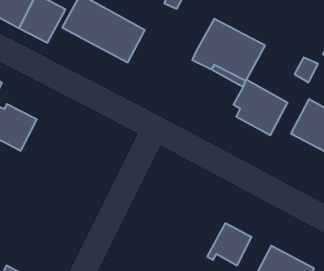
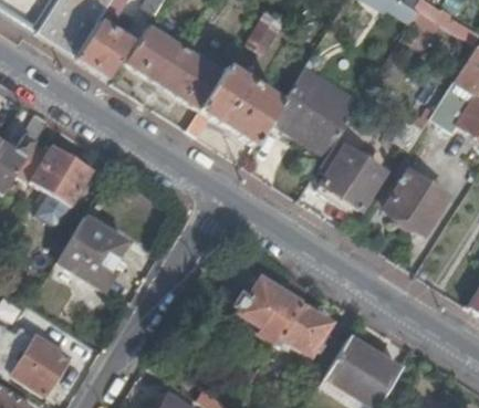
building: none -> [188,65,282,144]
building: none -> [56,216,128,292]
building: none -> [237,280,300,345]

